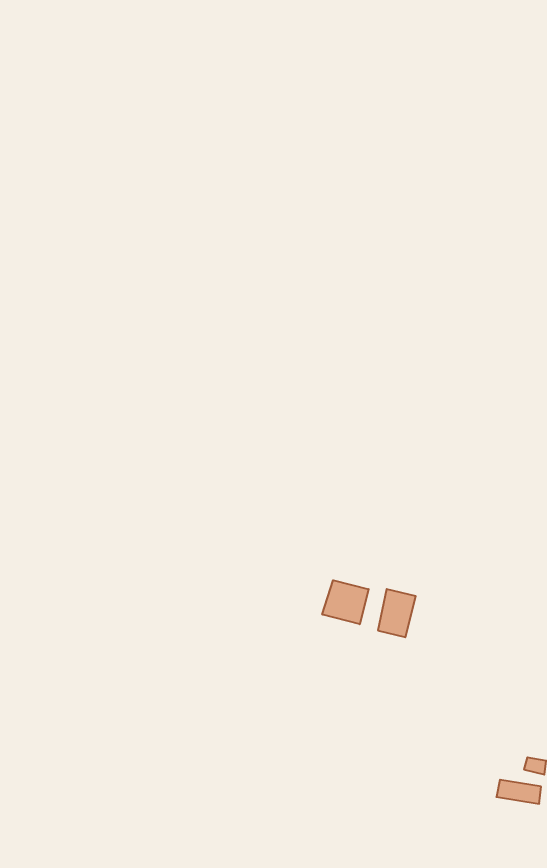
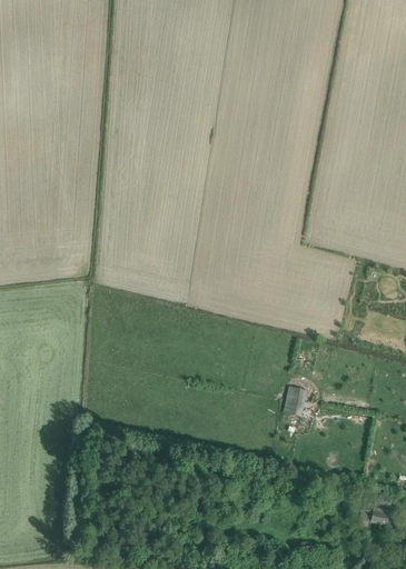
building: [322,580,369,624] -> none

